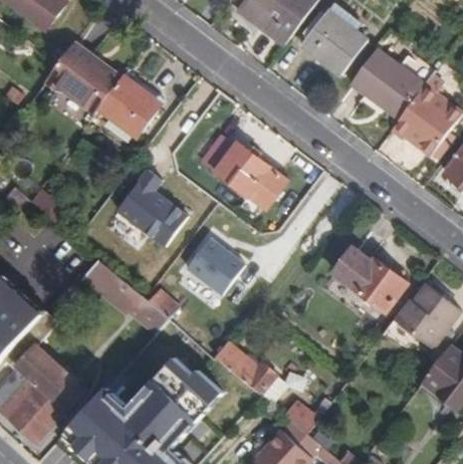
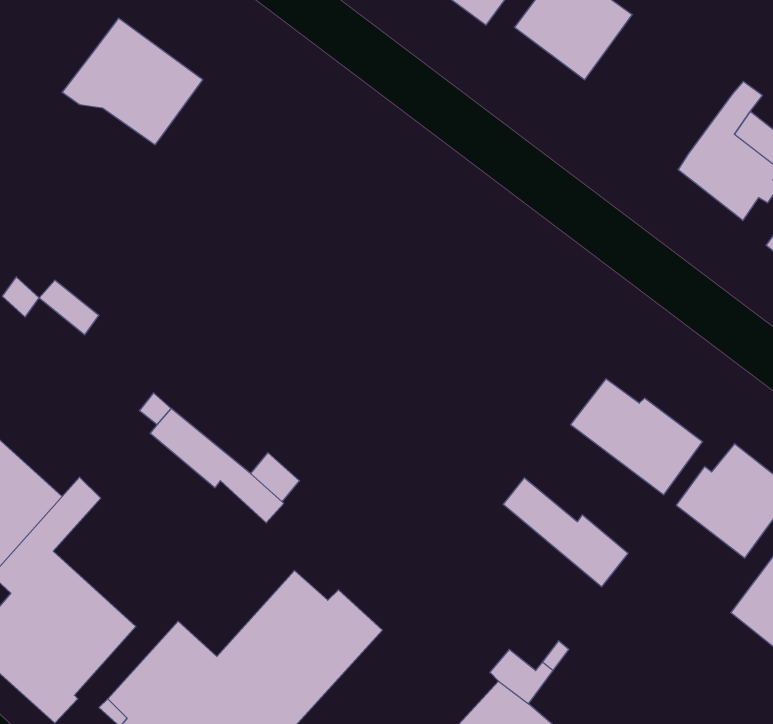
building: [350,47,423,118] -> none
building: [96,74,161,137] -> none
building: [199,136,285,208] -> none
building: [113,168,190,249] -> none
building: [184,237,256,303] -> none
building: [212,339,283,402] -> [503,478,628,587]

